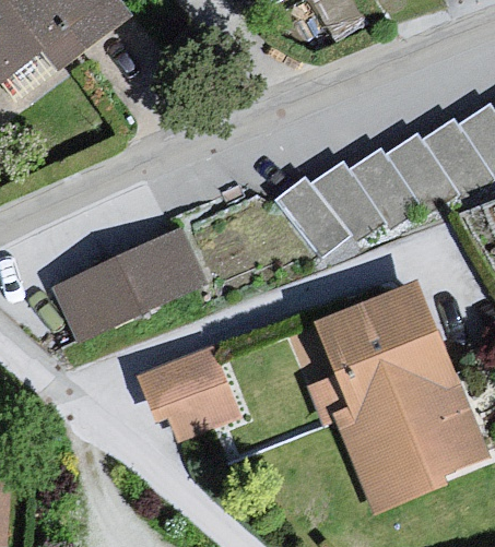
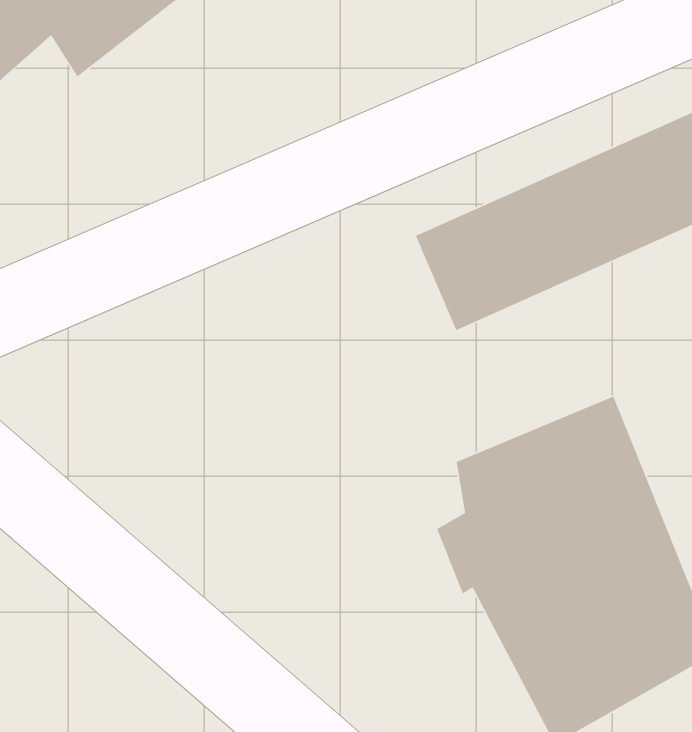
building: [49,226,213,348] -> none
building: [141,349,245,447] -> none

